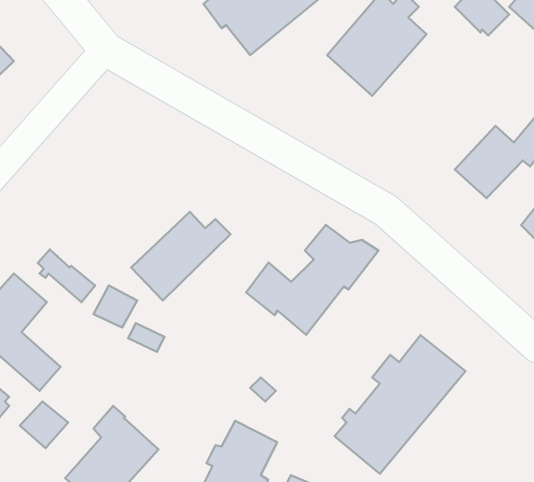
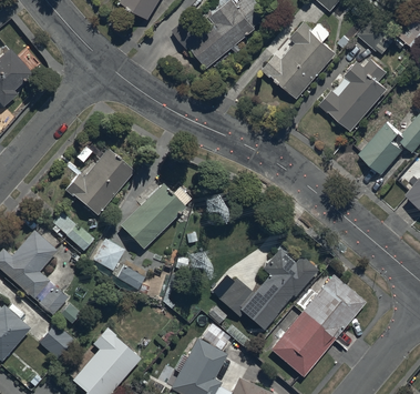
building: none -> [319,59,388,131]
building: none -> [64,149,134,216]
building: [246,225,379,335] -> [219,250,317,331]

